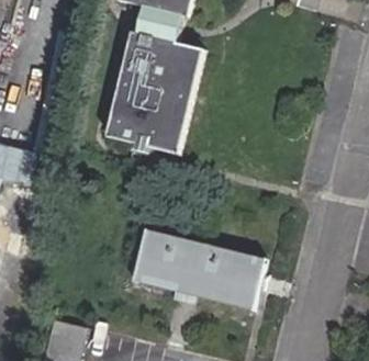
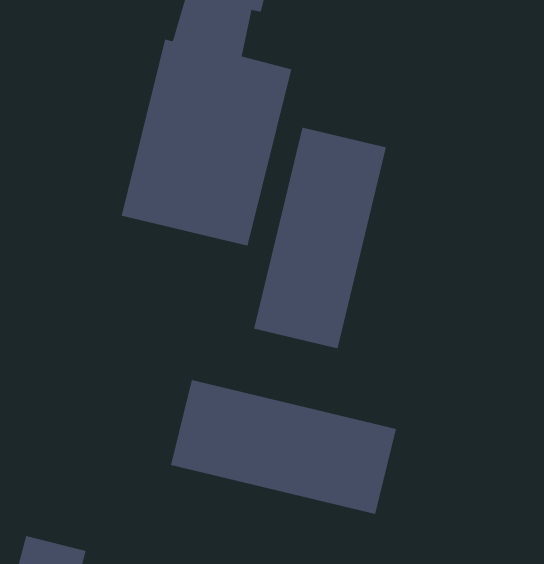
building: none -> [253,127,386,349]

